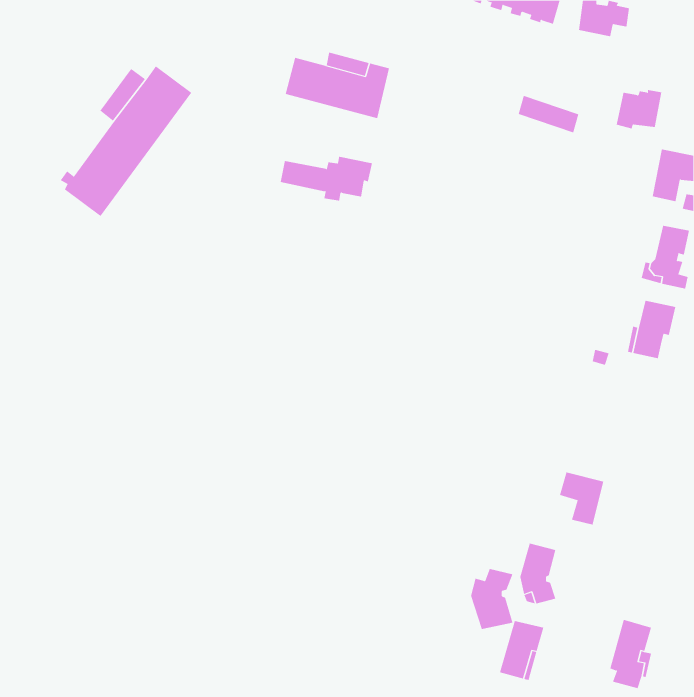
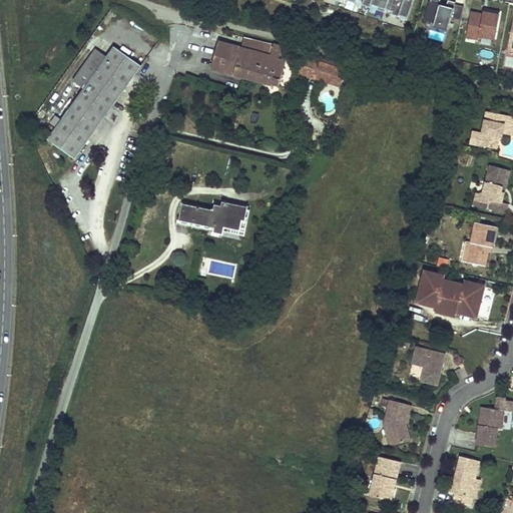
building: [616,89,662,129] -> [465,10,499,39]
building: [518,95,579,133] -> [298,58,343,86]
building: [280,156,373,201] -> [178,201,246,234]
building: none -> [417,274,481,313]
building: none -> [476,408,503,445]
building: [470,568,513,630] -> none

